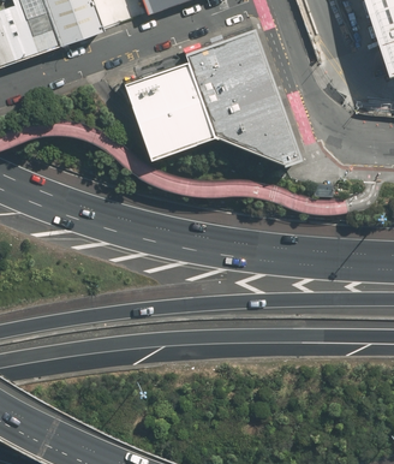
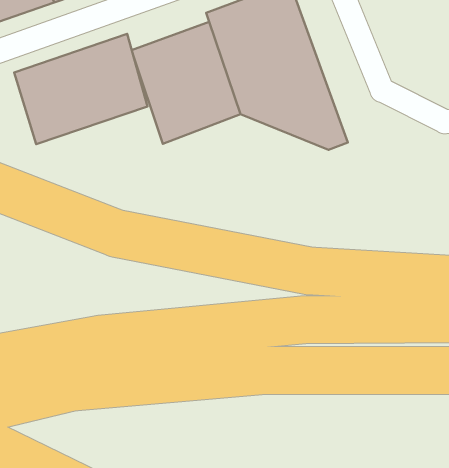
building: none -> [14,34,147,144]

